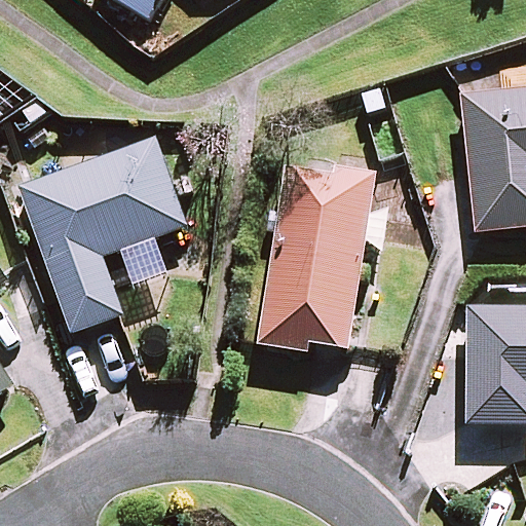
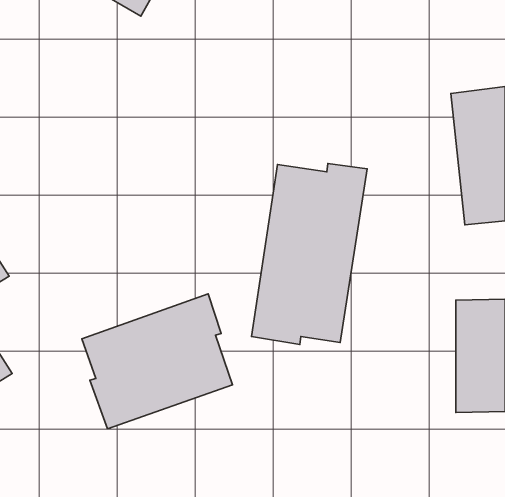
building: [18,137,188,331] -> none
building: none -> [82,294,233,429]

